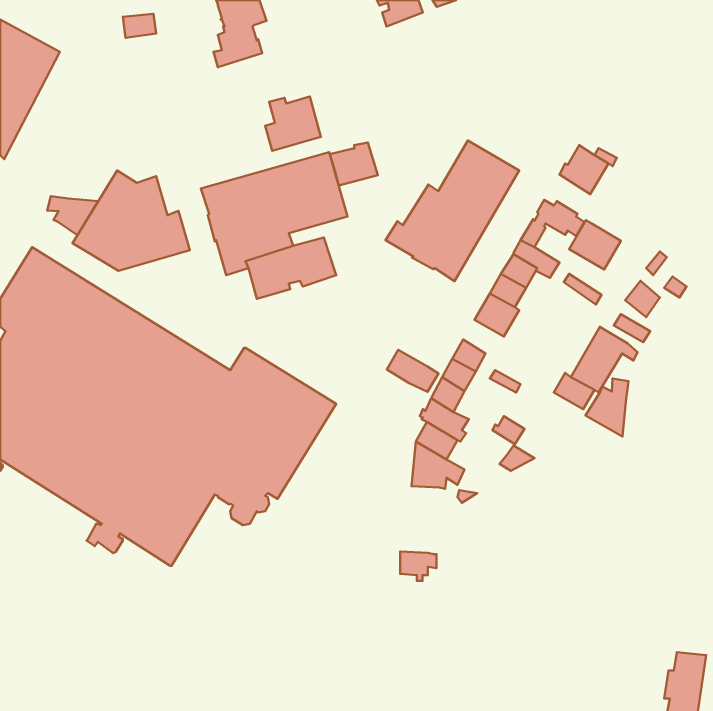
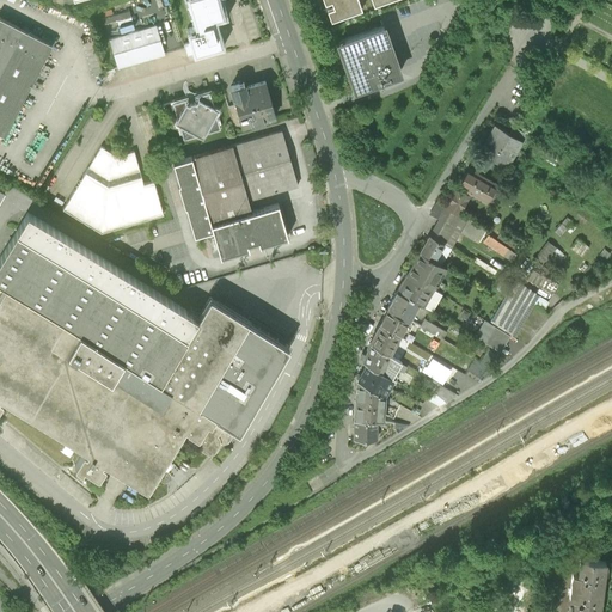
building: none -> [109,29,165,72]
building: none -> [338,30,400,92]
building: none -> [172,94,220,142]
building: [386,141,519,281] -> none
building: [330,142,378,185] -> none
building: [47,196,98,235] -> none
building: [569,220,621,270] -> none
building: [387,350,439,392] -> [397,276,441,312]
building: [585,379,629,437] -> none
building: [400,551,436,581] -> [353,418,384,443]

